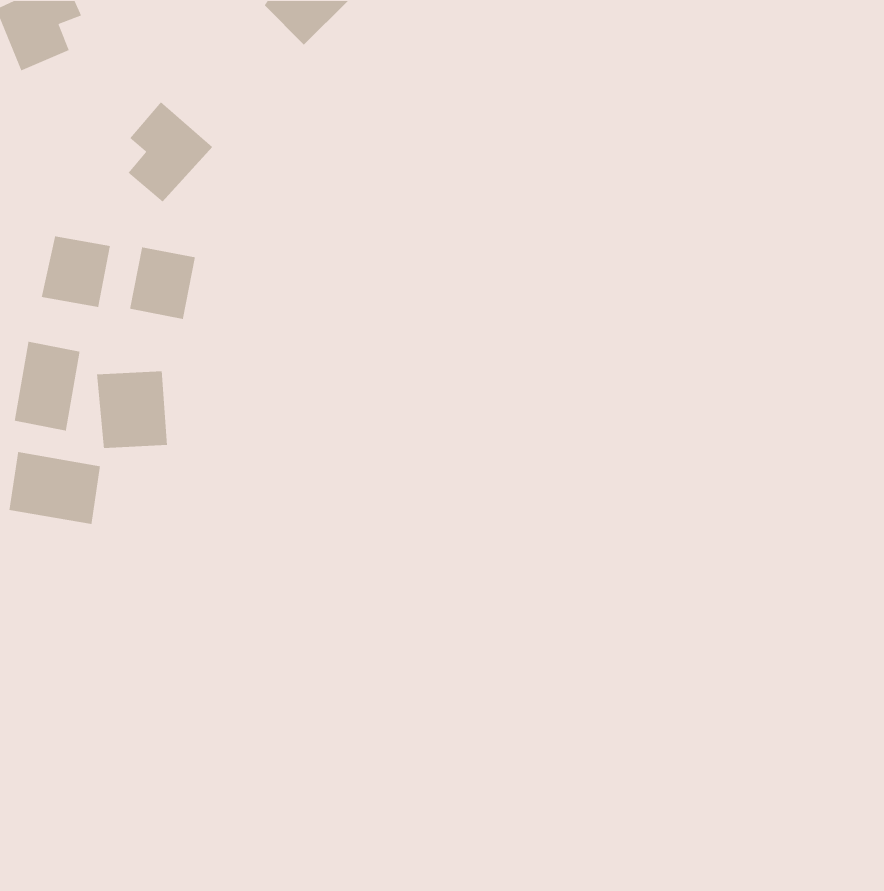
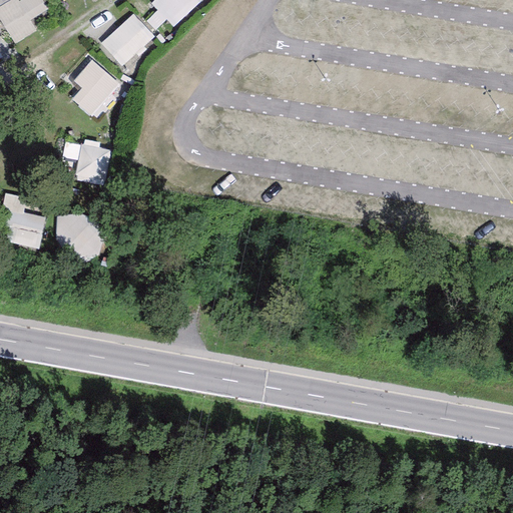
building: none -> [101,13,155,66]
building: [41,235,111,308] -> none
building: [9,451,101,525] -> none

